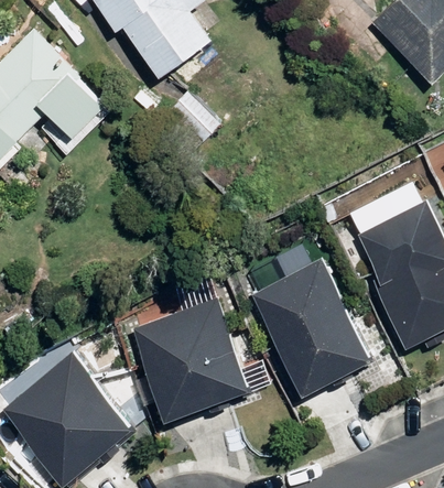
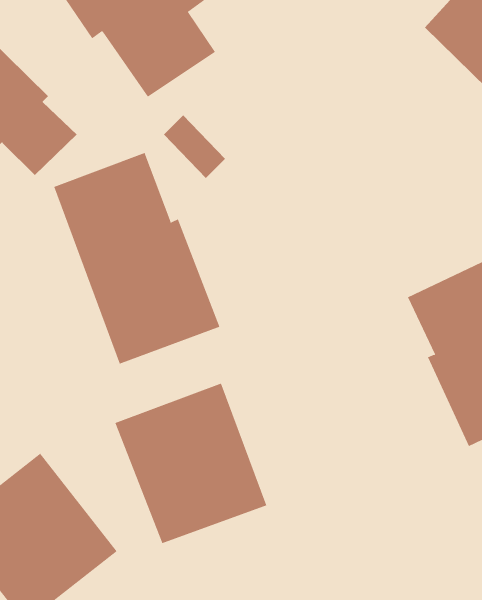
building: none -> [53,152,220,365]
building: [250,259,370,394] -> none

